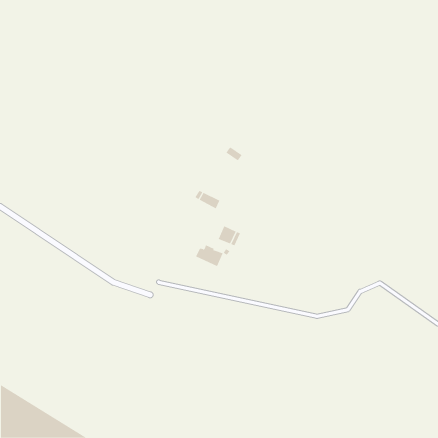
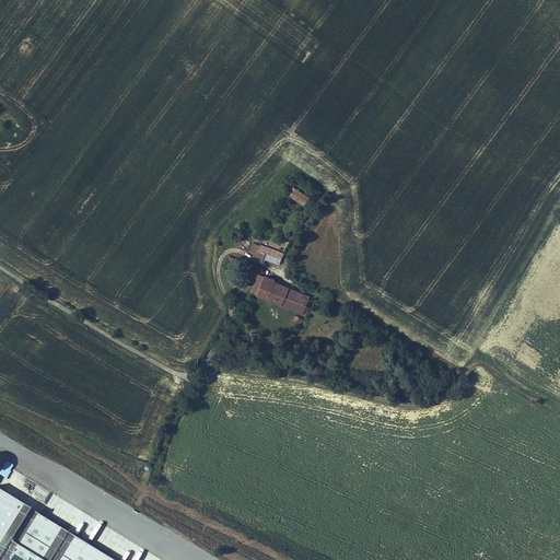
building: [195,245,223,267] -> [249,277,285,305]

